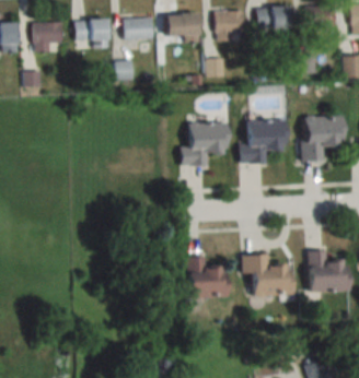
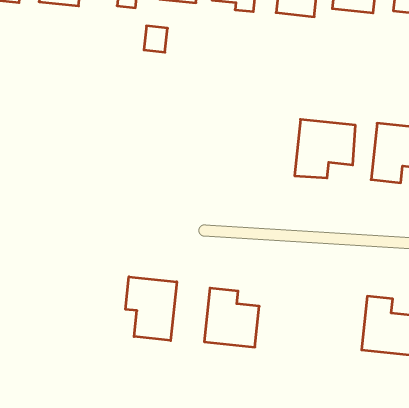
building: [183,122,229,166] -> none
building: [243,255,292,296] -> none
building: none -> [126,277,177,341]

